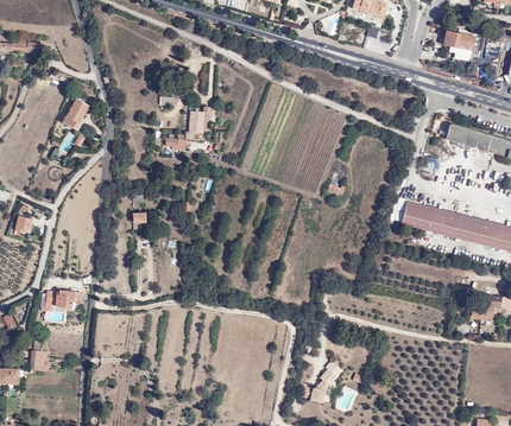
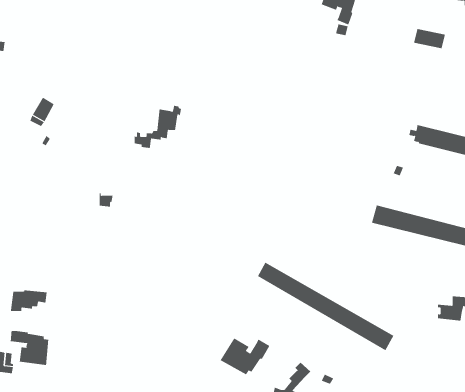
building: none -> [257,262,394,351]
building: none -> [10,330,49,366]
building: none -> [220,337,270,375]

